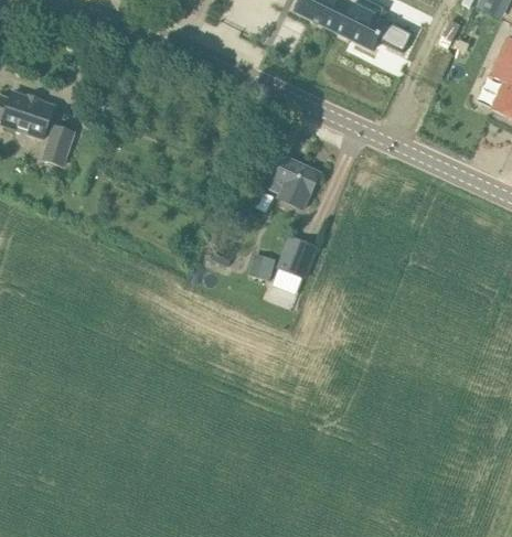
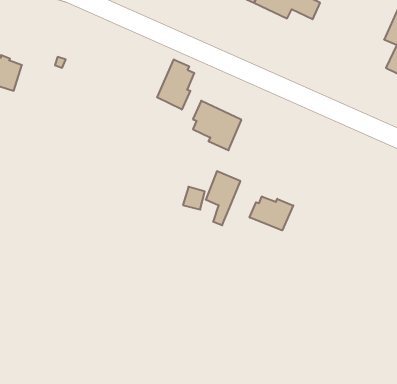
building: none -> [157,59,194,110]
building: [43,125,74,164] -> none
building: none -> [250,196,293,230]

